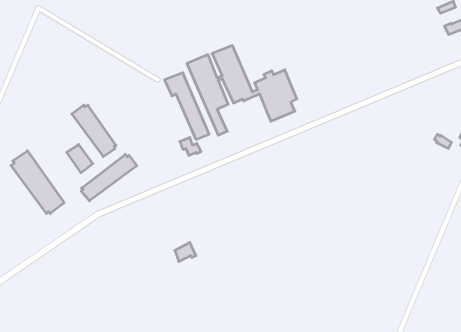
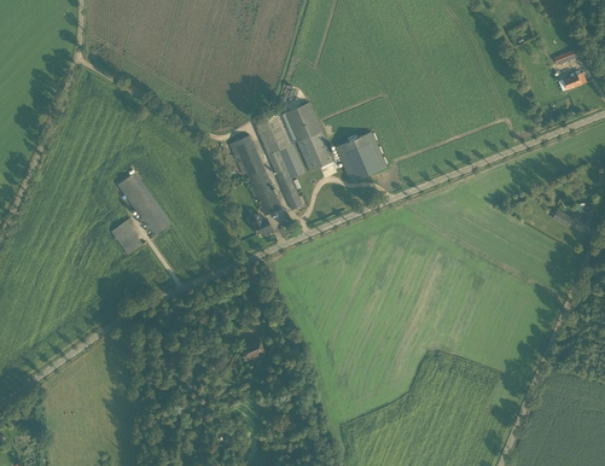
building: [11,151,64,214] -> none
building: [81,154,137,201] -> none

